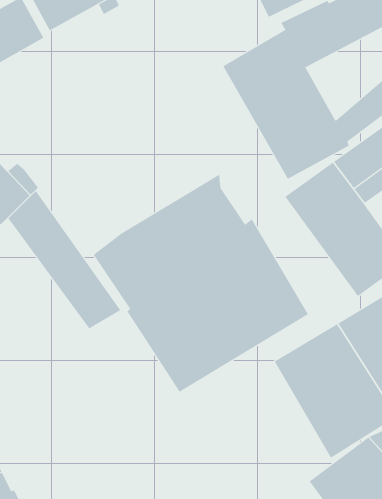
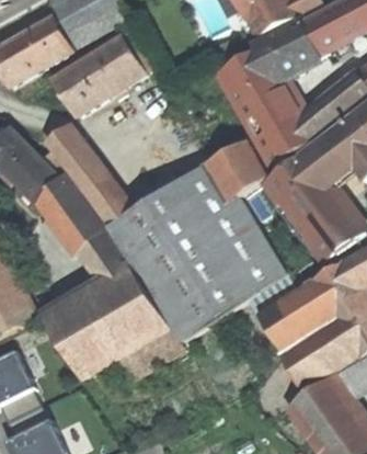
building: none -> [51,34,144,115]
building: none -> [46,124,133,226]
building: none -> [213,141,266,201]
building: none -> [46,271,184,379]

